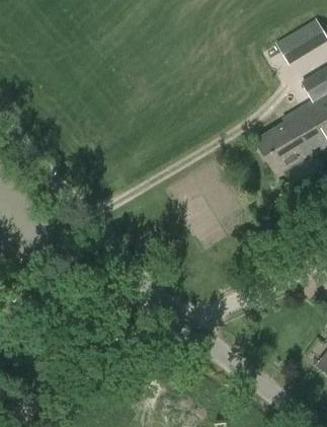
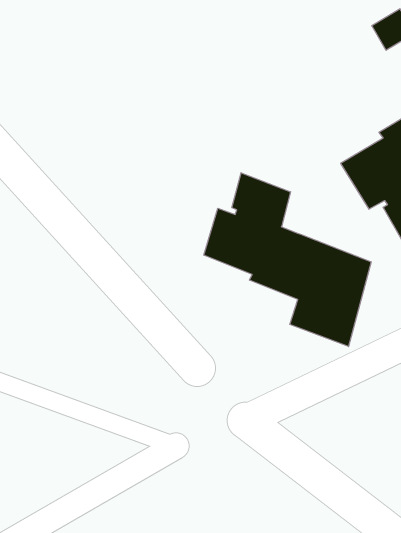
building: none -> [204,173,371,347]

